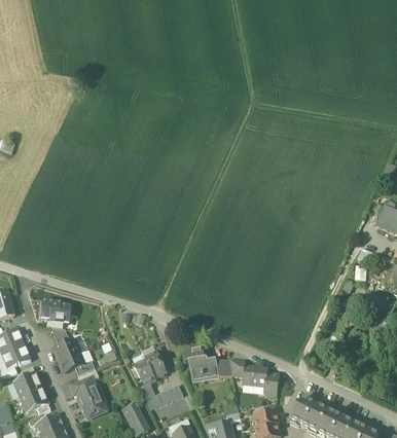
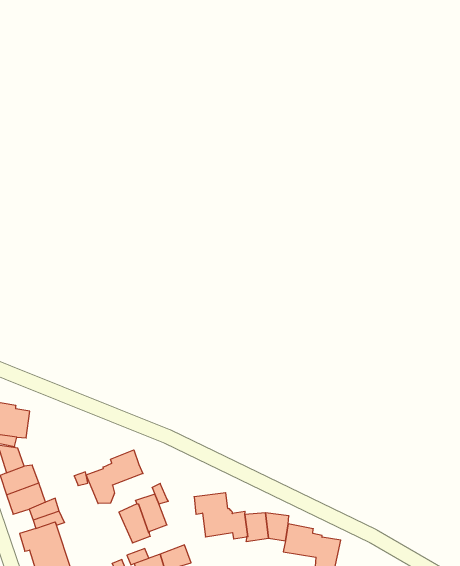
building: none -> [86,450,143,504]

